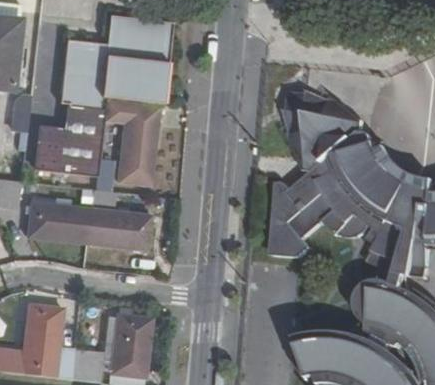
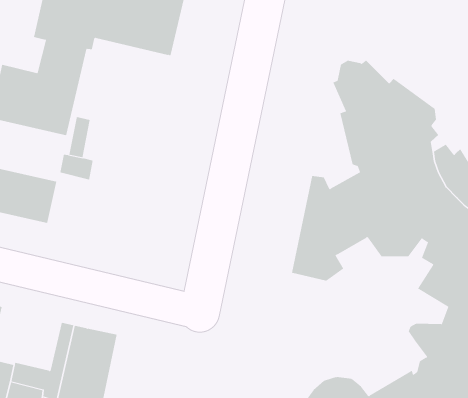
building: [103,99,161,187] -> none
building: [87,209,148,247] -> none

